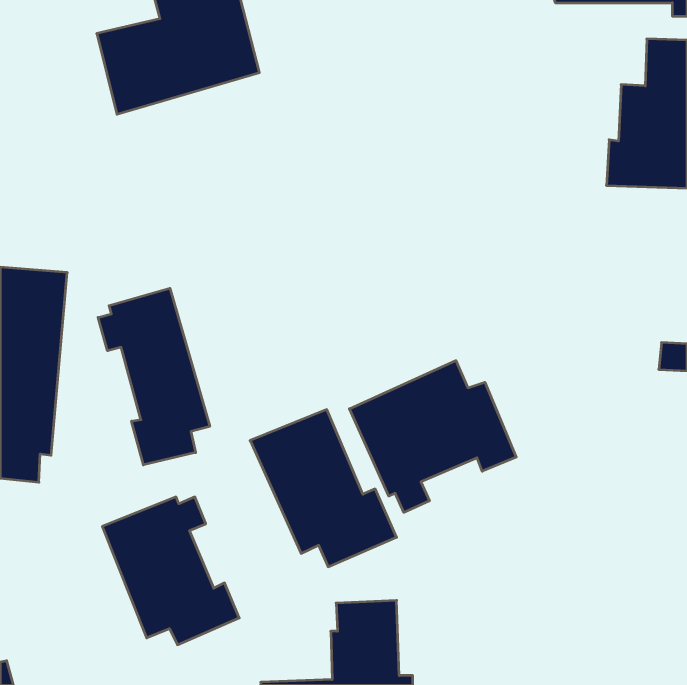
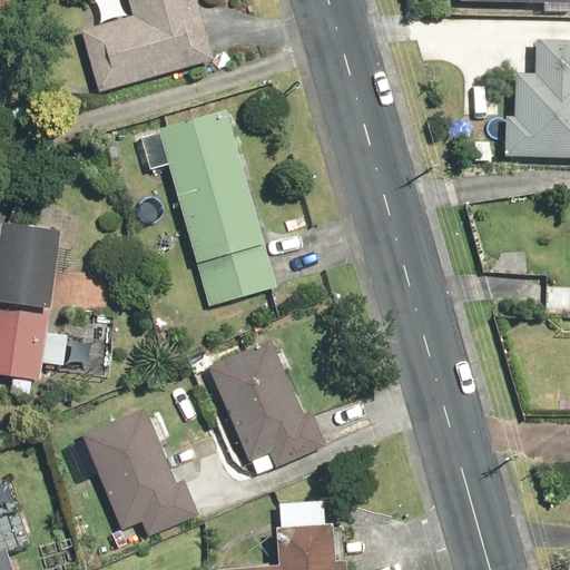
building: none -> [139,108,275,305]
building: [98,288,210,465] -> none
building: [349,361,516,512] -> none

